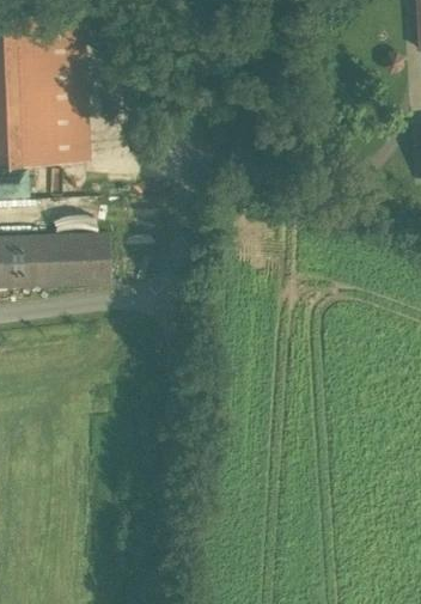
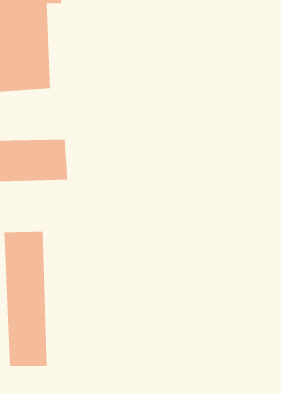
building: none -> [4,231,47,367]

